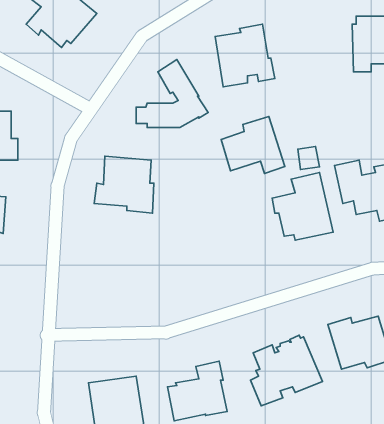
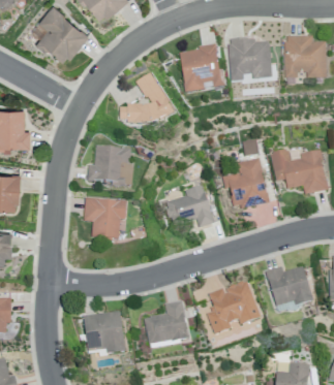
building: none -> [227,39,271,82]
building: [221,116,285,173] -> [165,184,214,227]
building: none -> [83,197,126,240]

